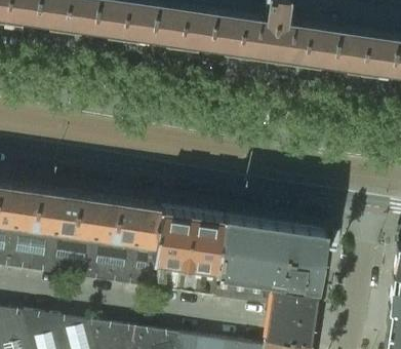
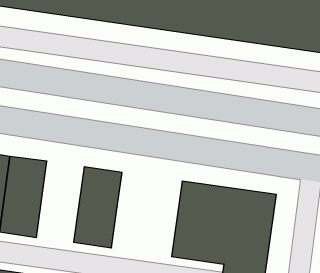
building: [70,195,121,282] -> none
building: [151,207,227,298] -> none

